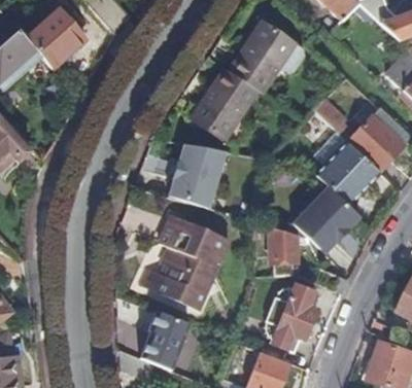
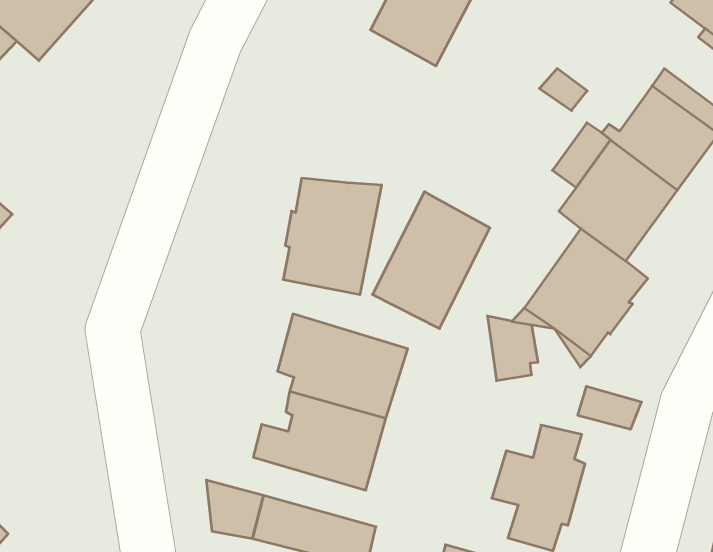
building: [192,67,256,139] -> [372,192,490,329]

